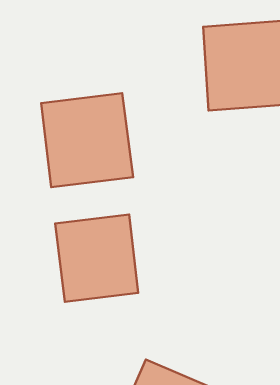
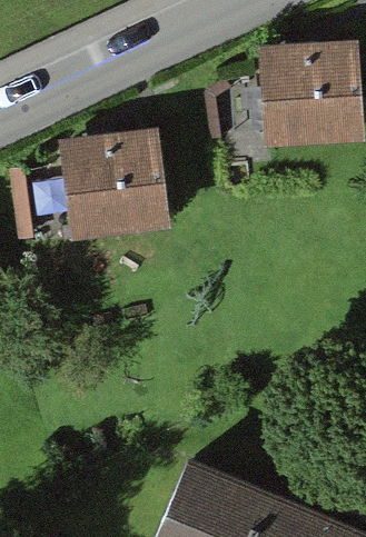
building: [55,214,138,302] -> none

